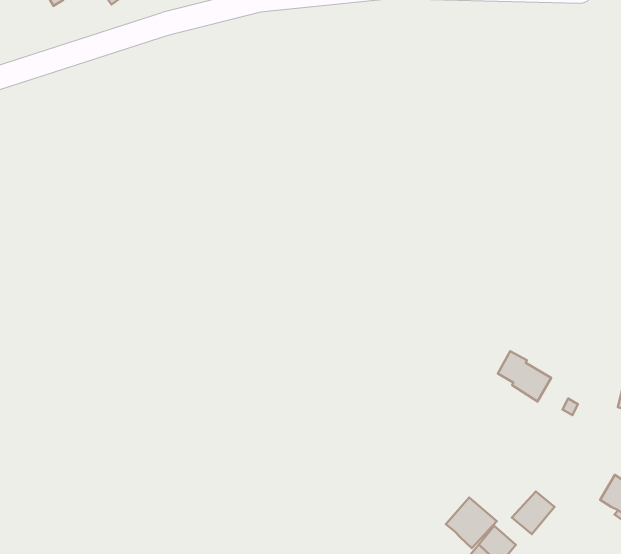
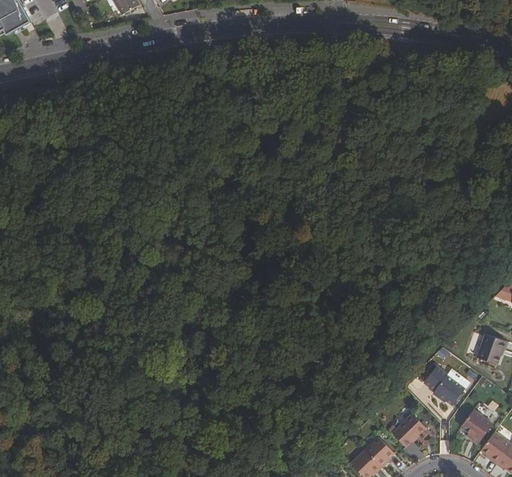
building: [498,351,551,401] -> [422,364,462,404]
building: [446,498,497,548] -> none

